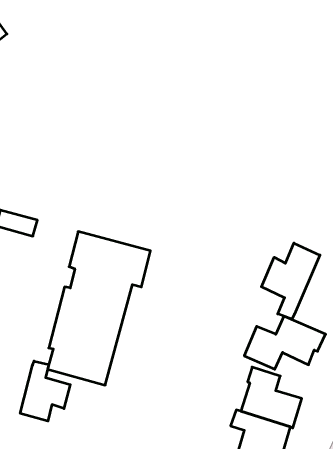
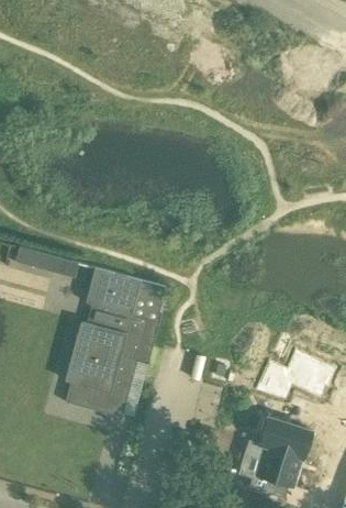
building: [261,243,320,319] -> none
building: [20,361,70,421] -> none

